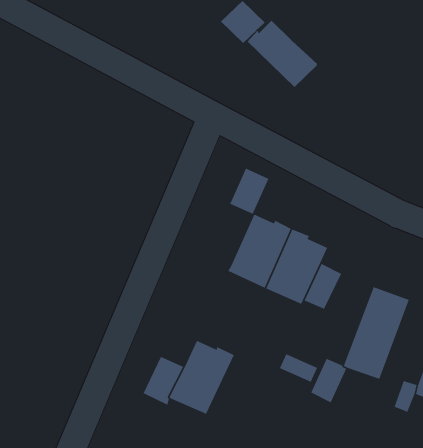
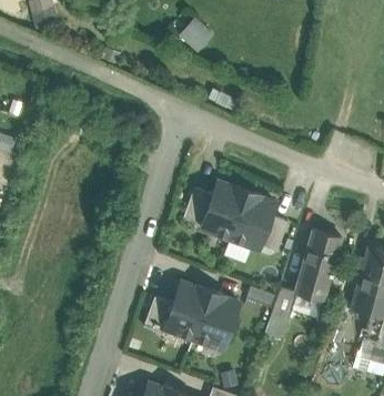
building: [247,20,318,88] -> none
building: [229,168,269,215] -> [183,187,212,223]
building: none -> [193,291,239,349]

